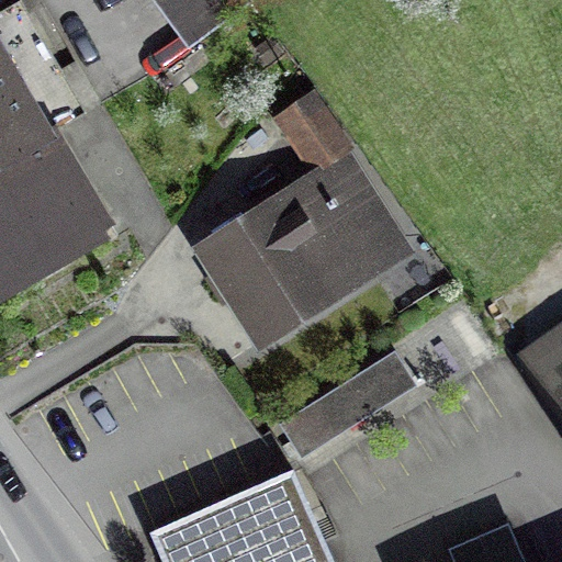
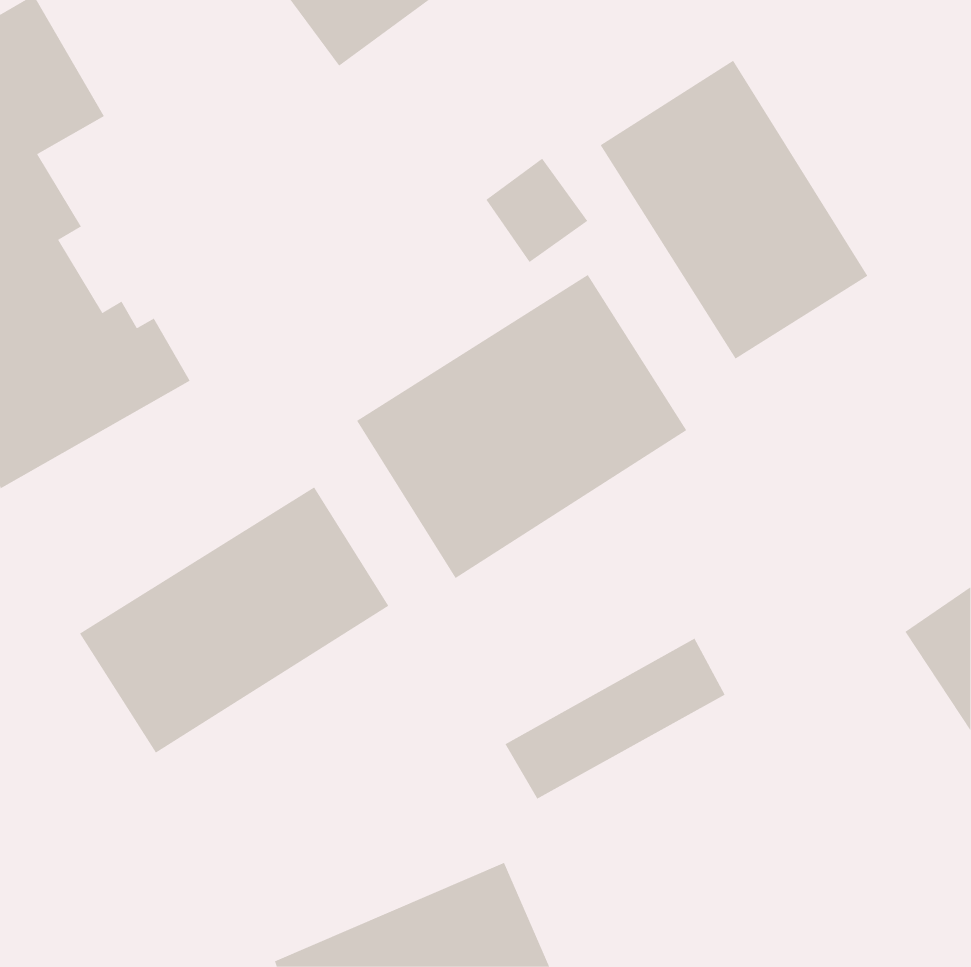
building: none -> [600,60,868,360]
building: none -> [79,486,389,754]

